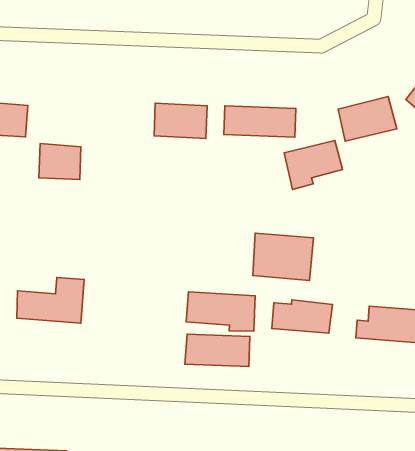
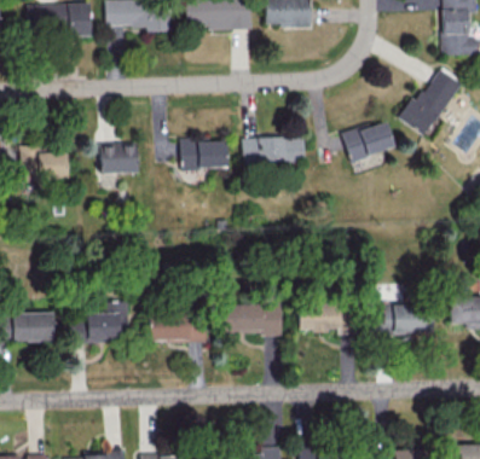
building: [284,141,343,189] -> none
building: [39,144,81,180] -> [100,143,138,173]
building: [253,233,314,280] -> none
building: [185,334,250,366] -> [150,313,207,342]

